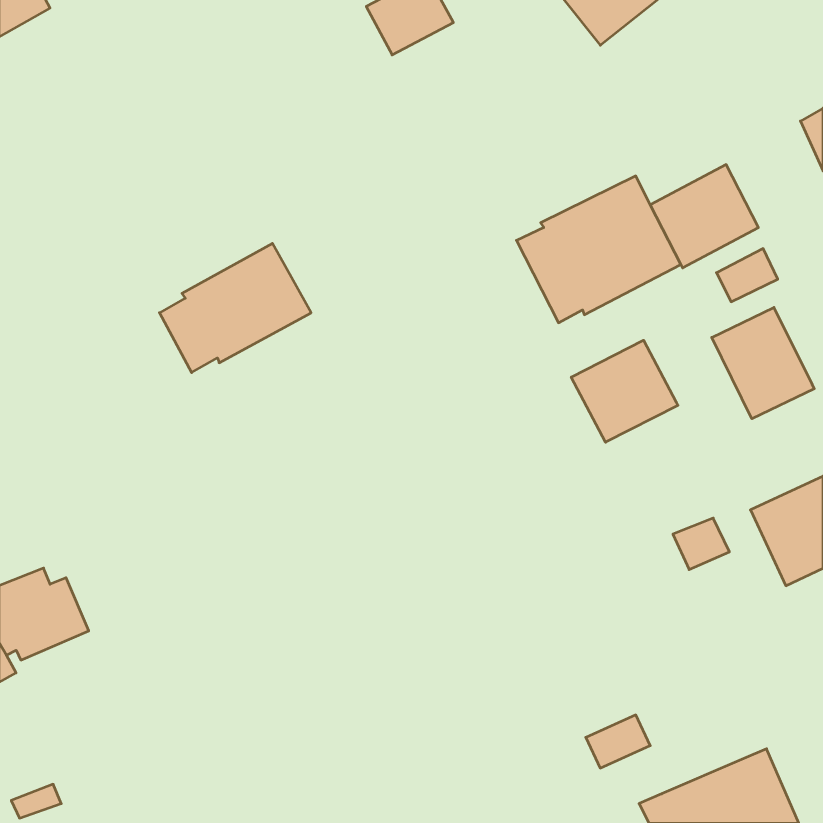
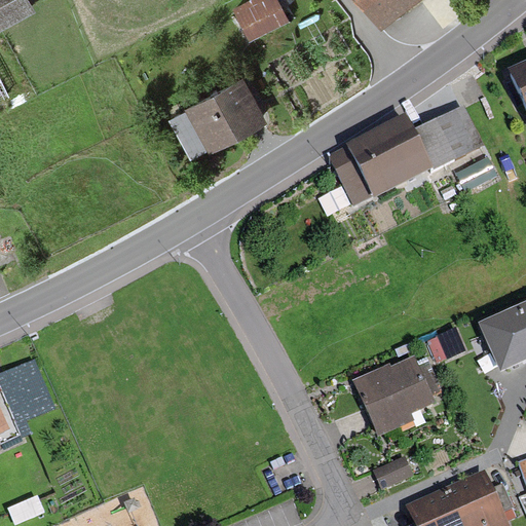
building: [159,243,311,373] -> [171,71,267,153]
building: [712,307,814,419] -> none
building: [571,340,678,442] -> none
building: none -> [354,360,434,436]

